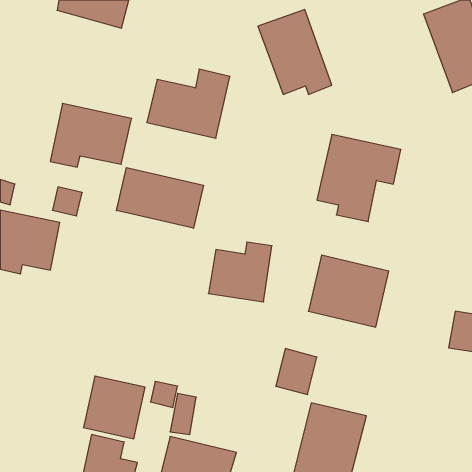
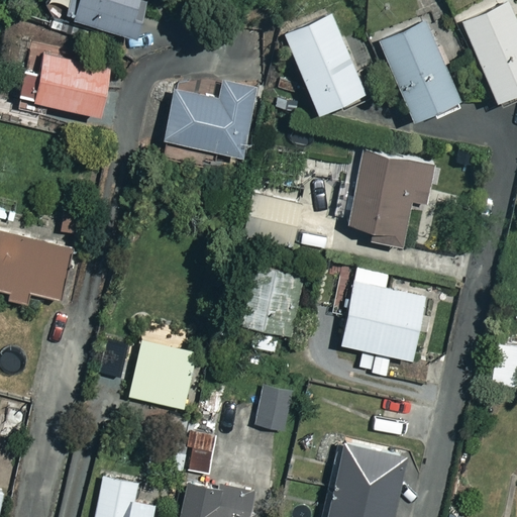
building: none -> [381,26,459,117]
building: [50,103,132,167] -> [17,46,105,115]
building: [116,168,203,228] -> none
building: [276,349,317,394] -> [255,385,300,434]
building: [83,376,145,439] -> [129,341,196,409]

